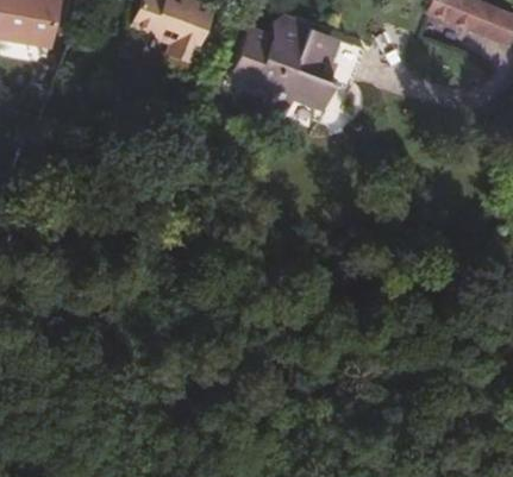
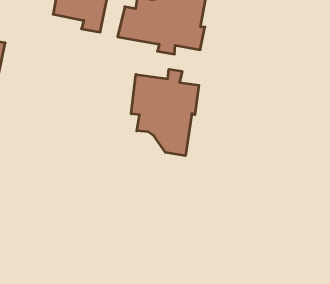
building: none -> [131,69,199,156]

